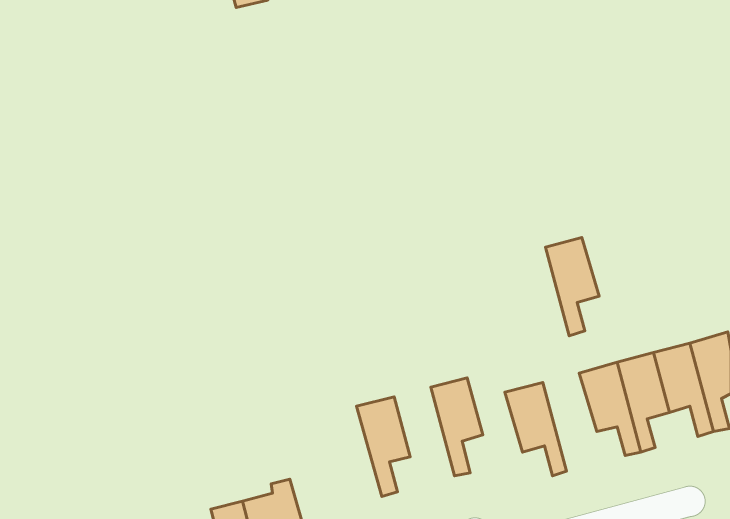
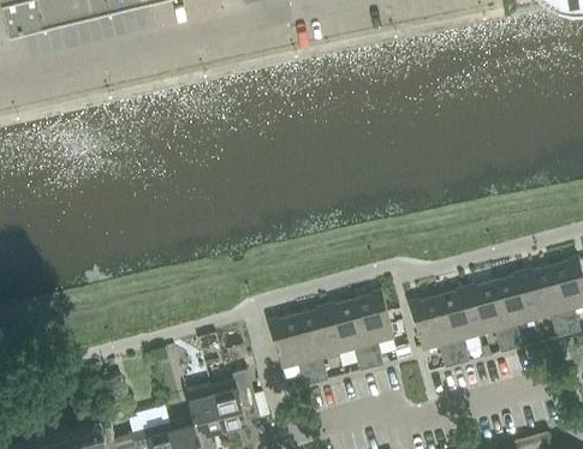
building: [545,238,599,336] -> [439,292,480,366]
building: none -> [326,303,371,373]
building: none -> [269,317,316,389]

